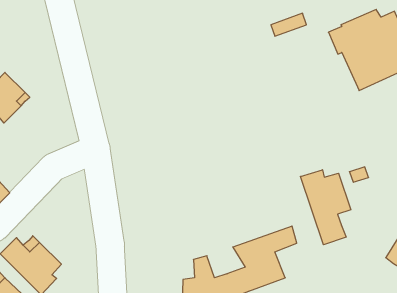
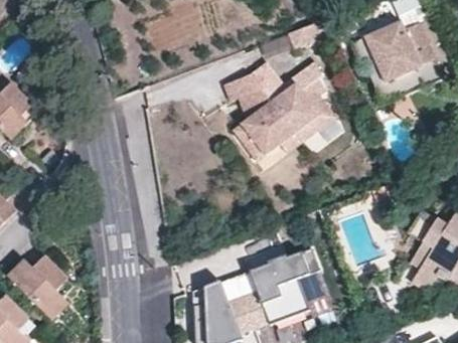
building: none -> [223,61,335,161]
building: [300,170,351,245] -> none

